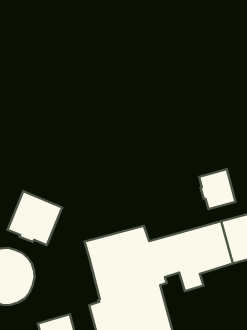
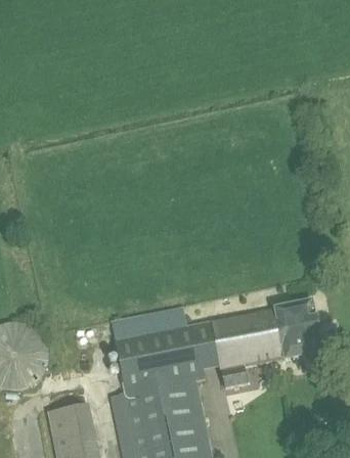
building: [199,169,236,209] -> none
building: [8,191,62,245] -> none

